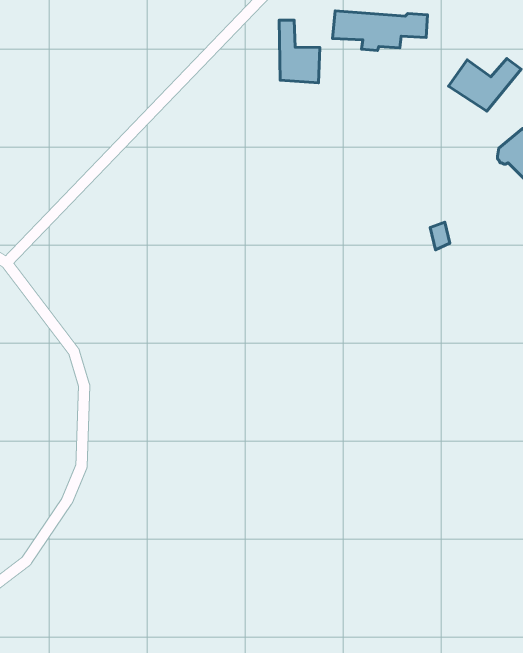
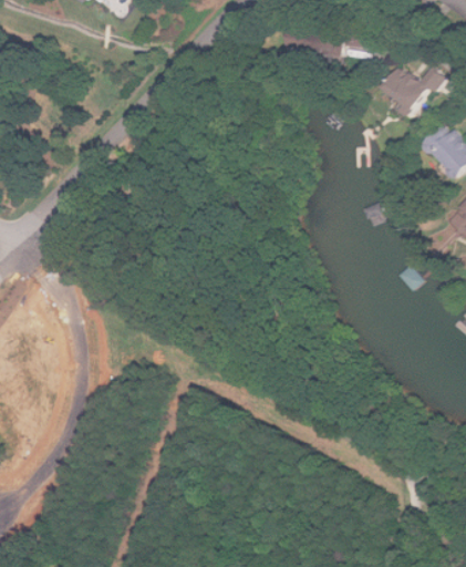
building: [279,20,320,83] -> none

